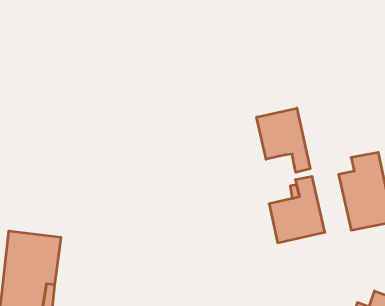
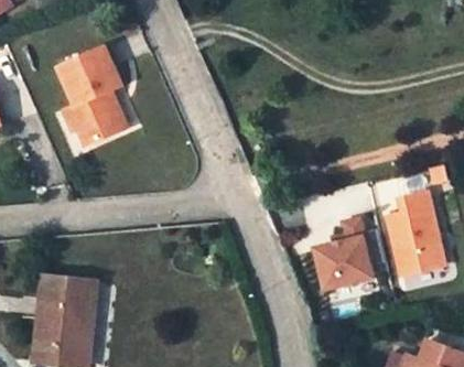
building: none -> [62,50,130,148]
building: [257,108,310,172] -> none

